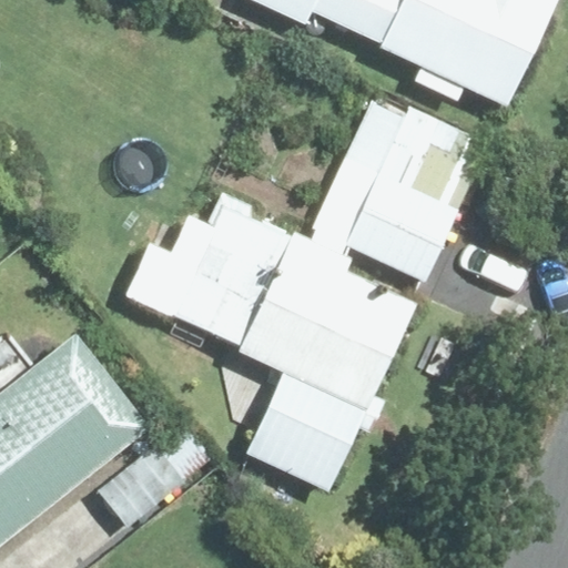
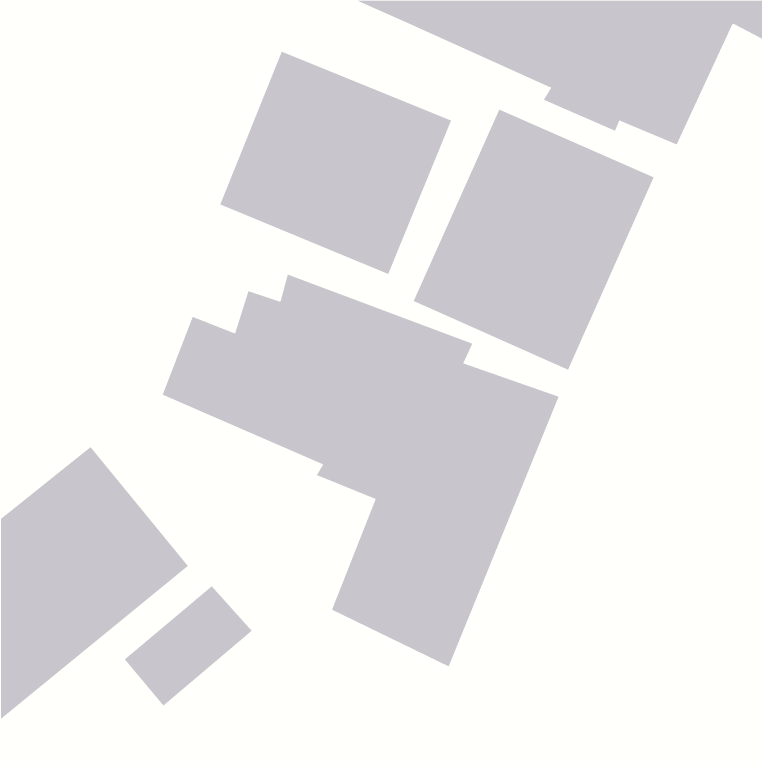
building: none -> [219,51,452,275]

